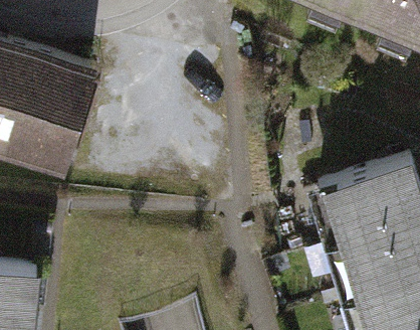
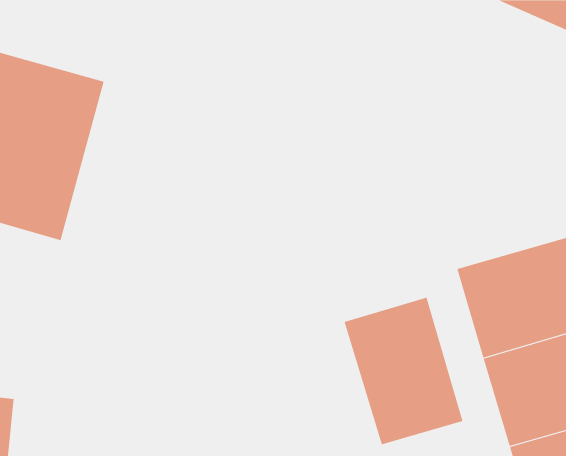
building: none -> [344,297,463,445]

